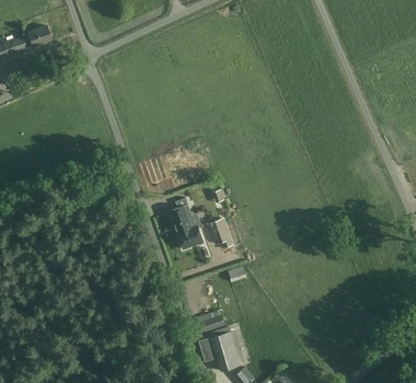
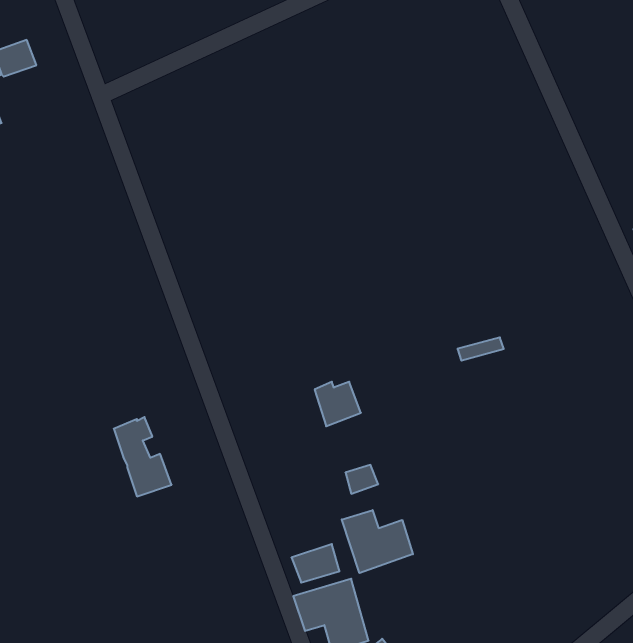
building: [171,204,204,248] -> [114,417,172,496]
building: none -> [342,510,413,573]

